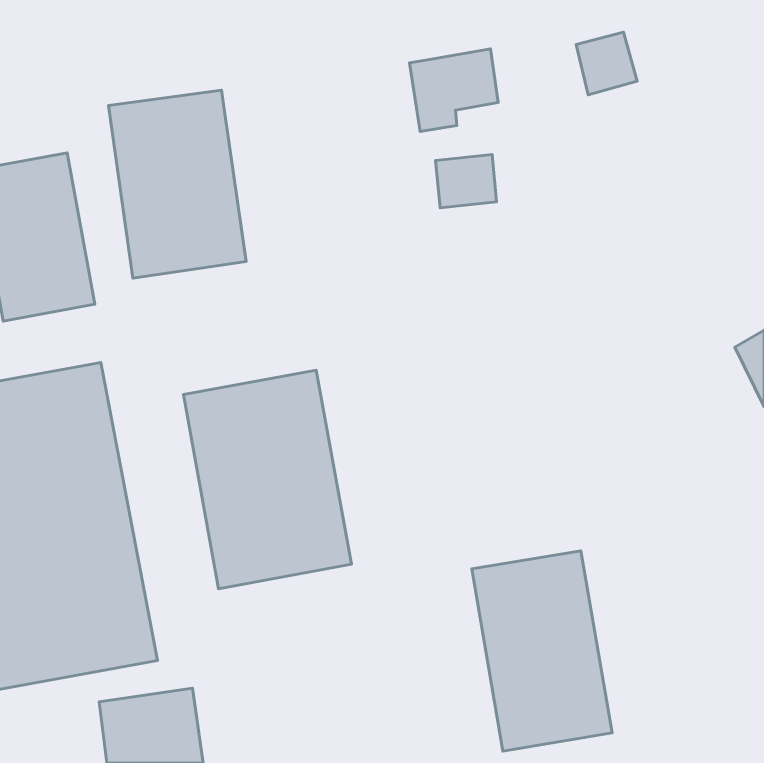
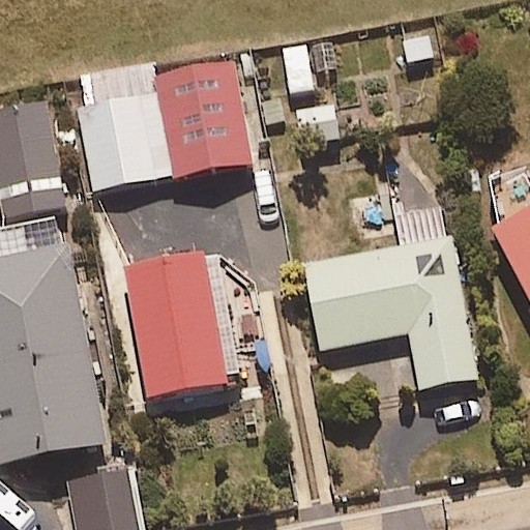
building: none -> [152,64,251,177]
building: none -> [304,204,476,389]
building: [472,551,612,751] -> none

